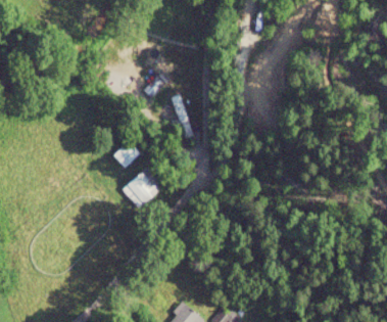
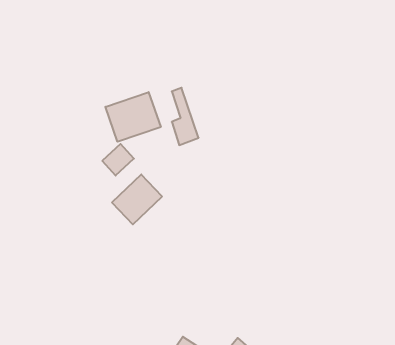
building: none -> [105,92,161,142]

